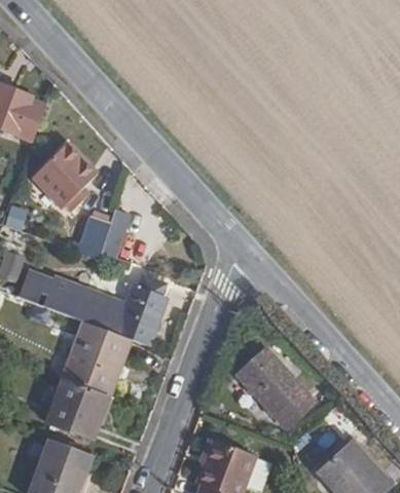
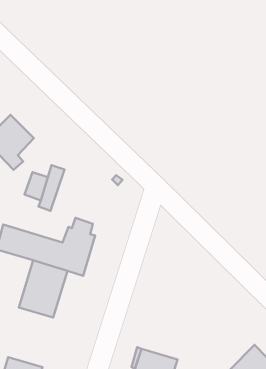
building: [237,350,312,431] -> none
building: [46,379,107,438] -> none

